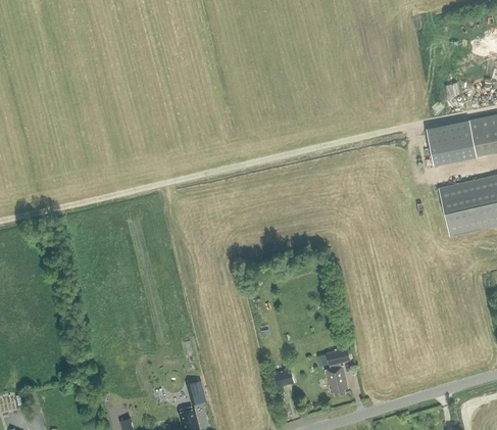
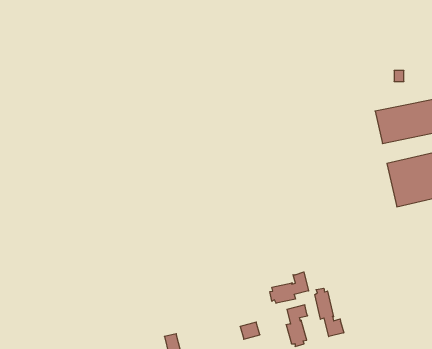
building: none -> [270,272,309,303]
building: none -> [315,288,344,337]

